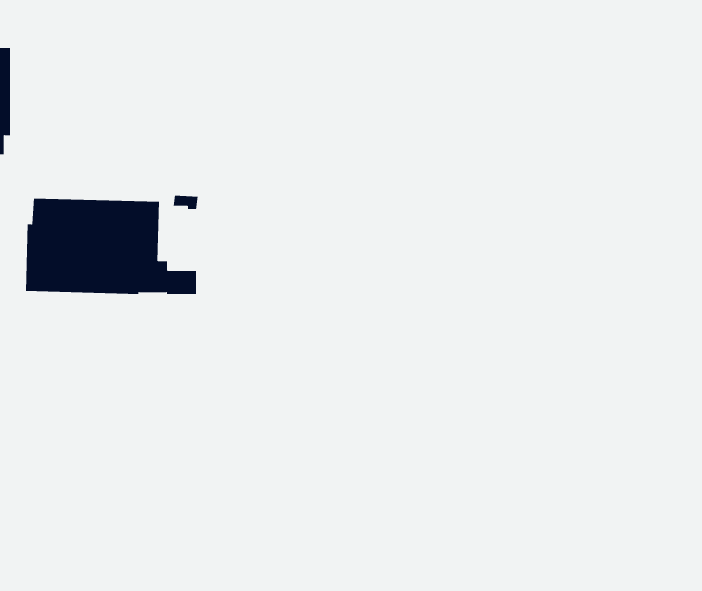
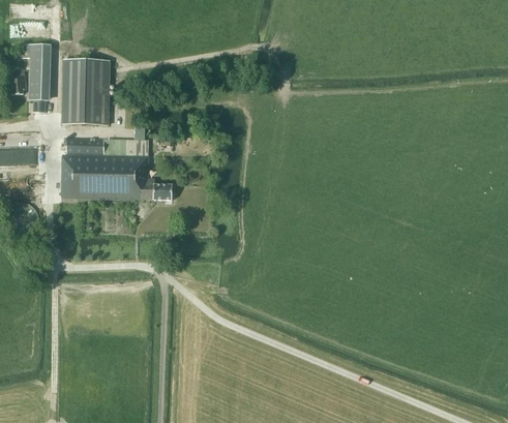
building: none -> [61,58,110,123]

